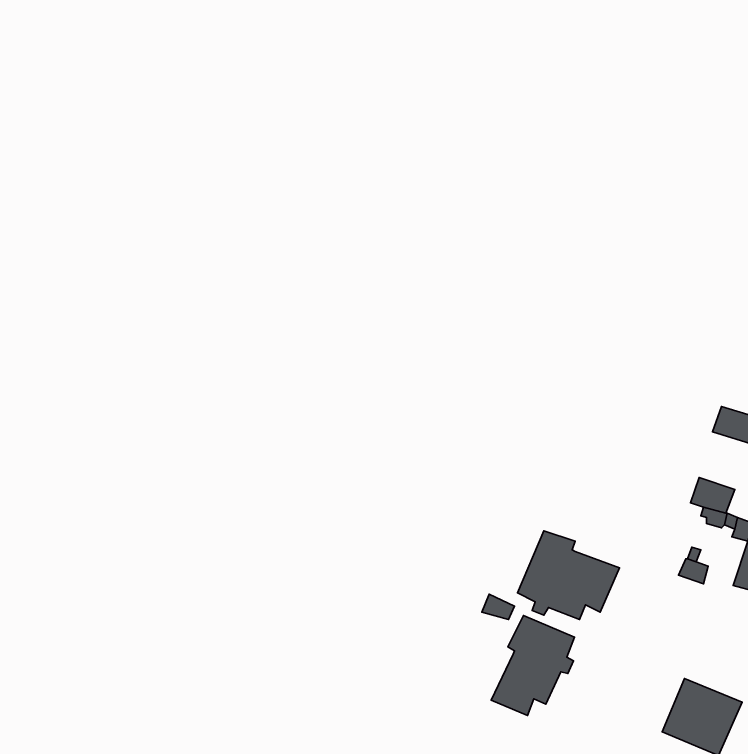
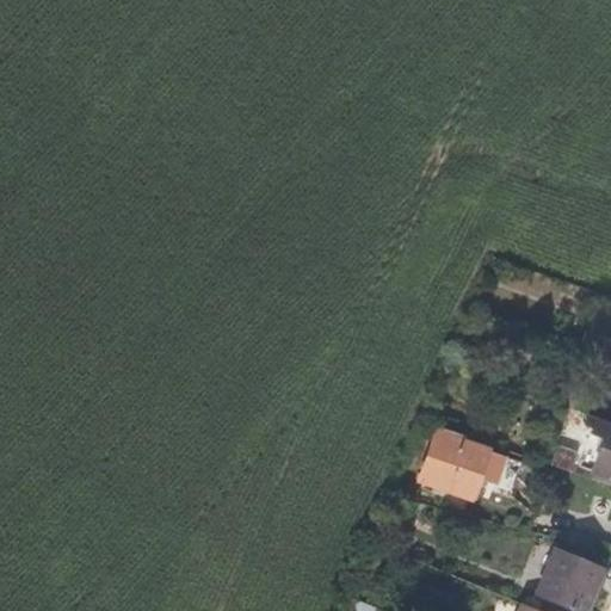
building: [491,615,575,715] -> none

